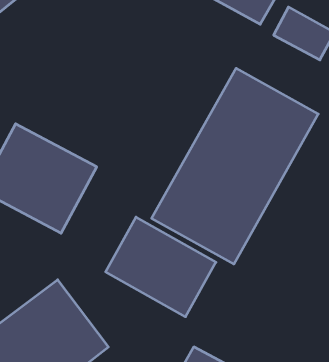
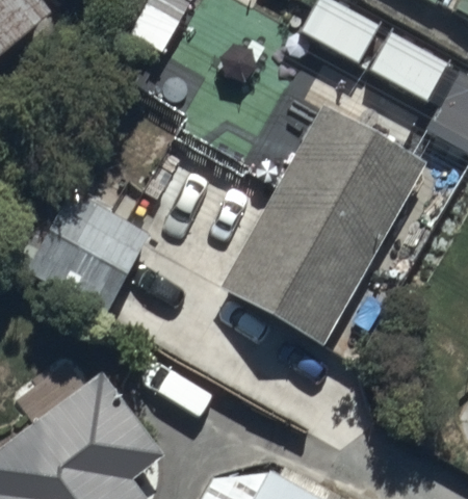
building: [106,217,216,317] -> none

